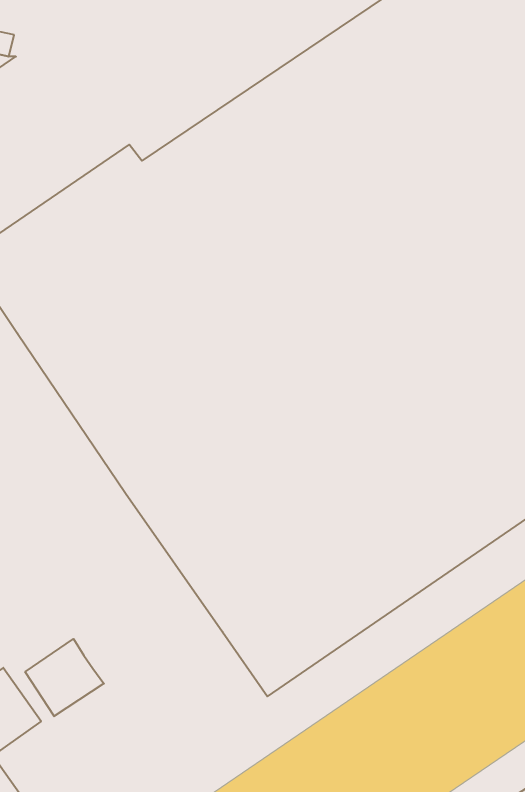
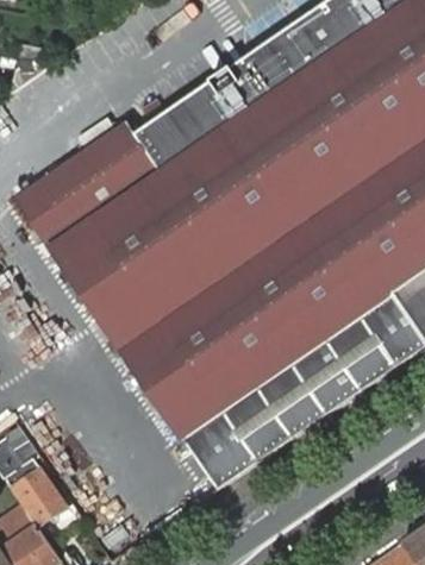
building: [25,639,104,716] -> none

